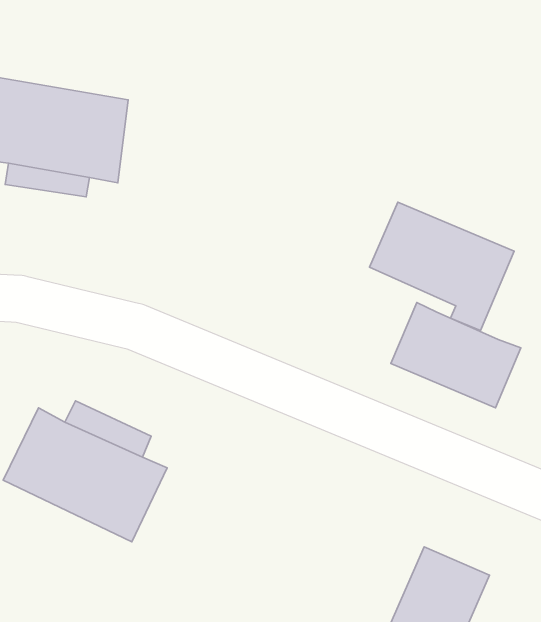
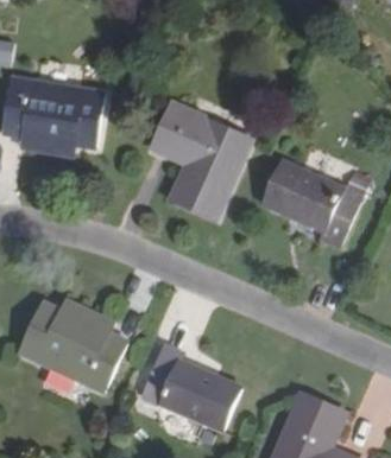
building: none -> [150,102,250,220]
building: [391,303,521,408] -> none
building: none -> [139,342,241,431]

